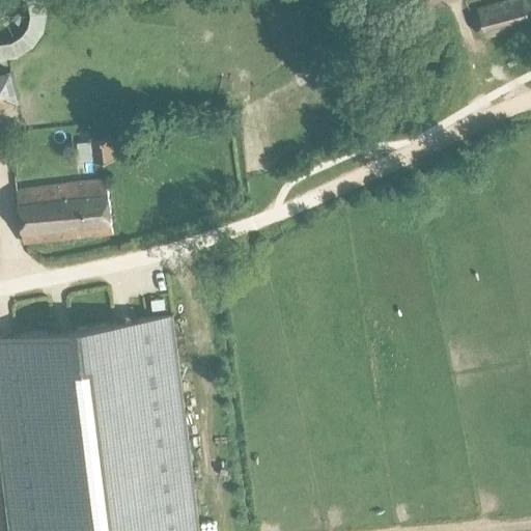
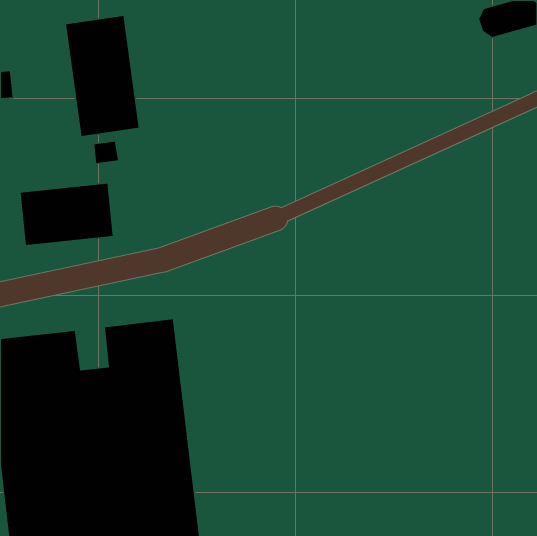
building: none -> [65,15,139,137]
building: [75,324,107,366] -> none

